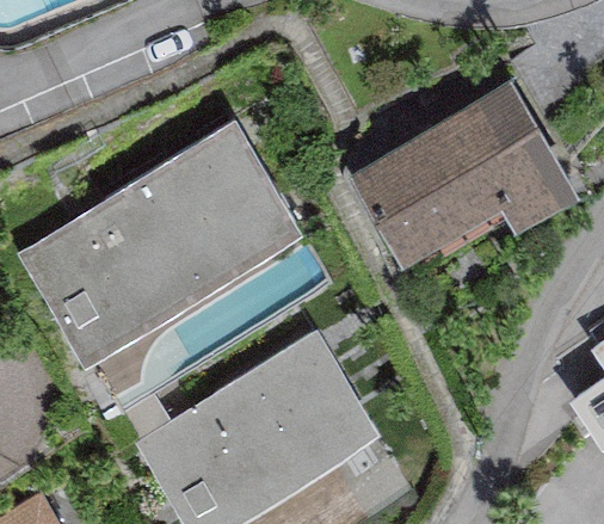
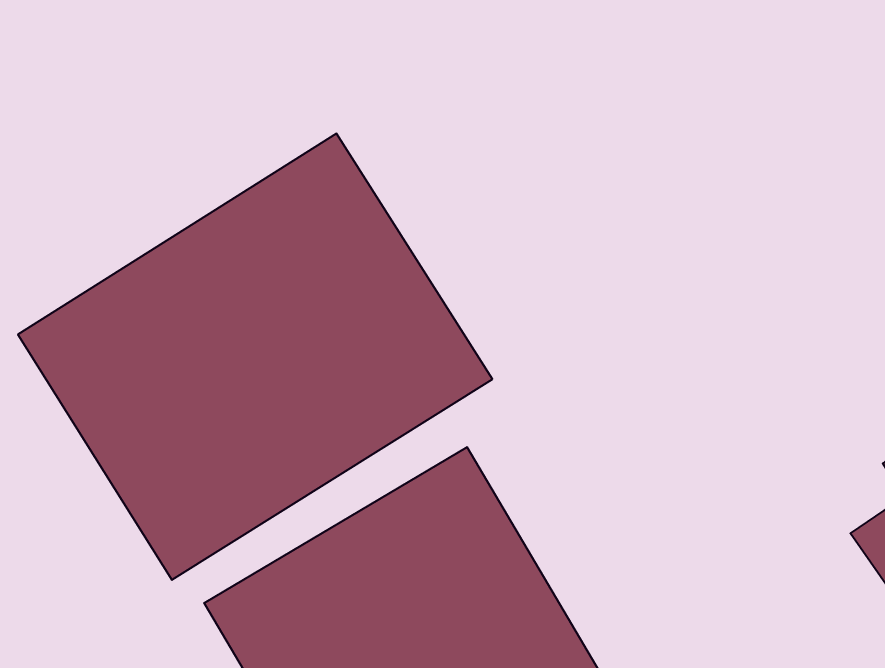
building: [351,67,573,247] -> none

